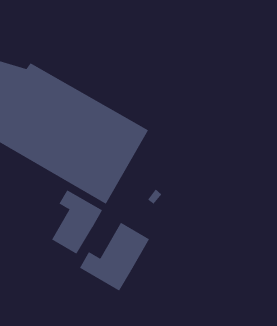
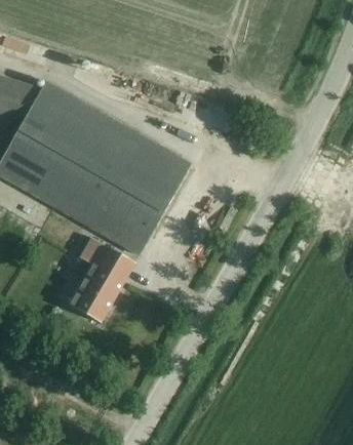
building: [79,222,150,291] -> none

